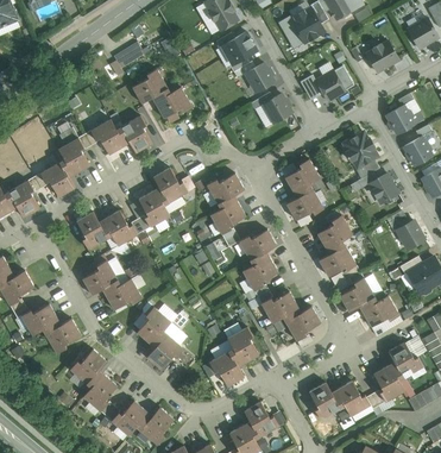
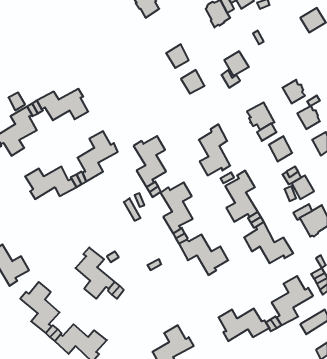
building: [222,26,260,63] -> none
building: [108,40,149,75] -> none
building: [365,40,398,71] -> none
building: [131,68,191,118] -> none
building: [82,259,141,309] -> none
building: [208,326,258,385] -> none

